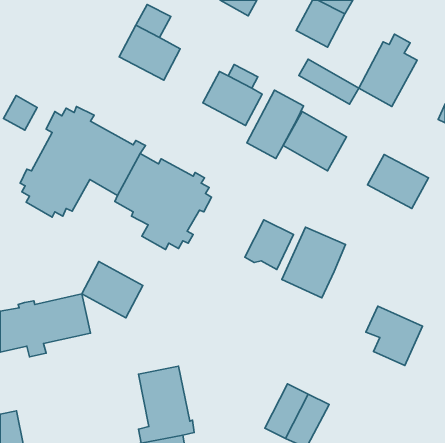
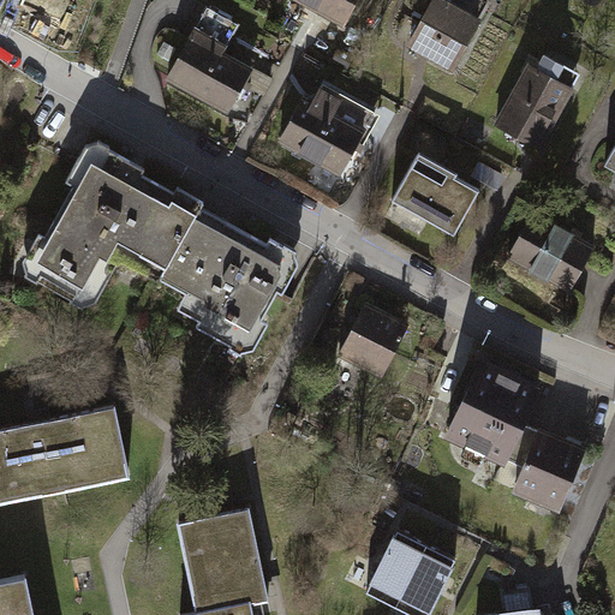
building: [299,59,359,104] -> none
building: [247,90,304,158] -> none
building: [4,96,37,130] -> none
building: [282,227,346,298] -> [449,364,537,461]
building: [82,262,143,318] -> none

